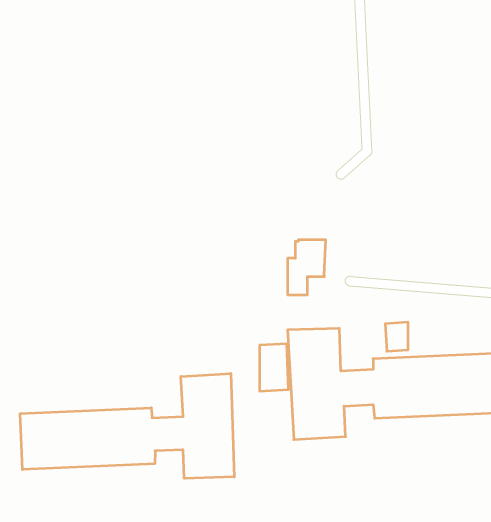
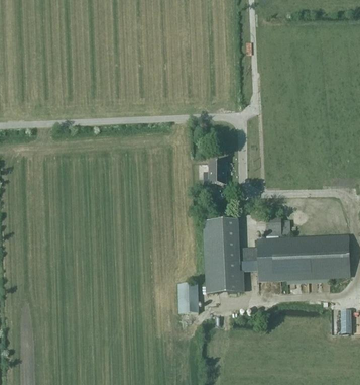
building: [260,344,289,391] -> [179,283,199,314]
building: [20,373,234,478] -> none

